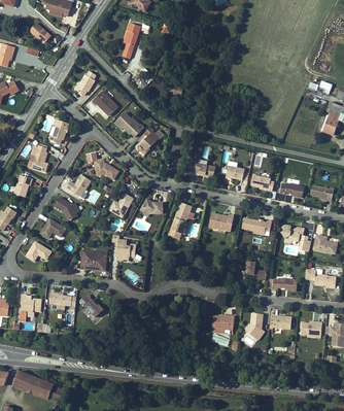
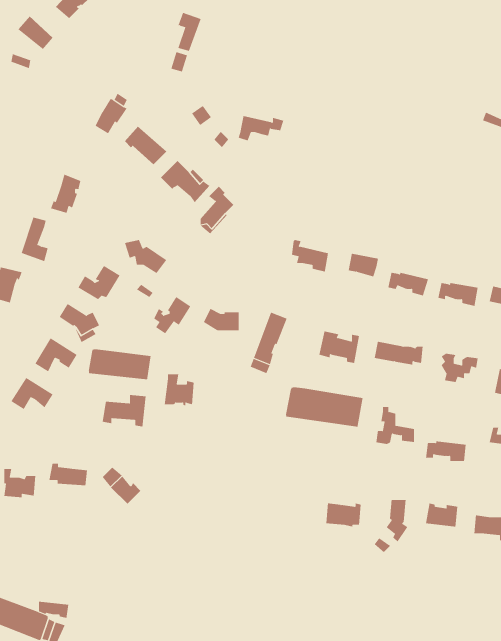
building: none -> [88,348,151,380]
building: none -> [285,386,363,427]

